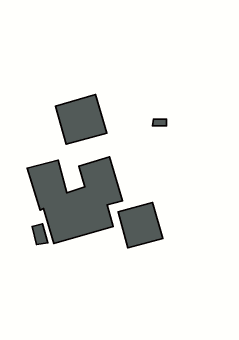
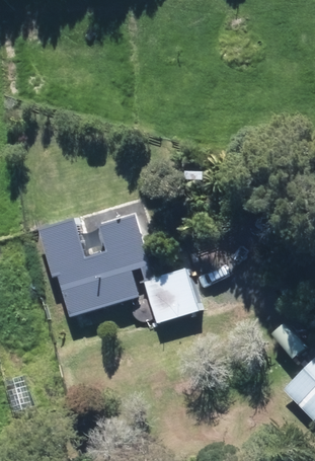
building: [55,94,107,144] -> none

